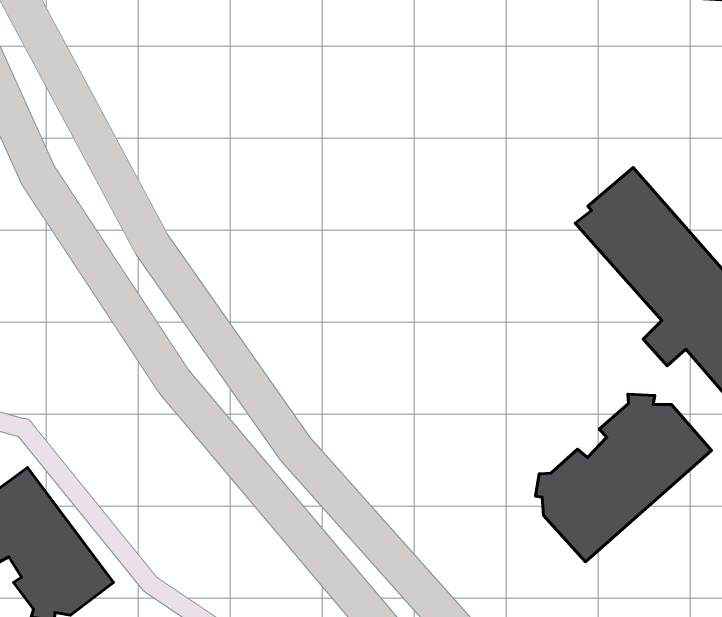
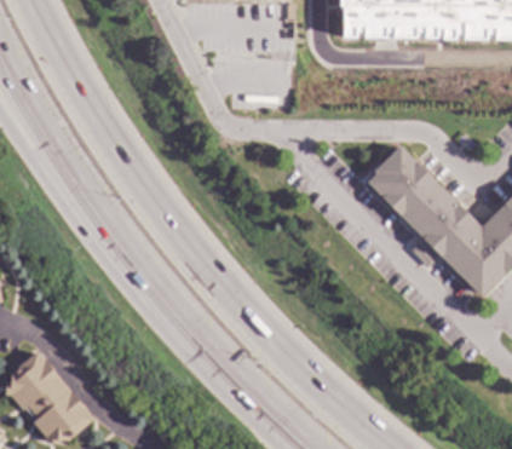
building: [535,394,711,562] -> none

